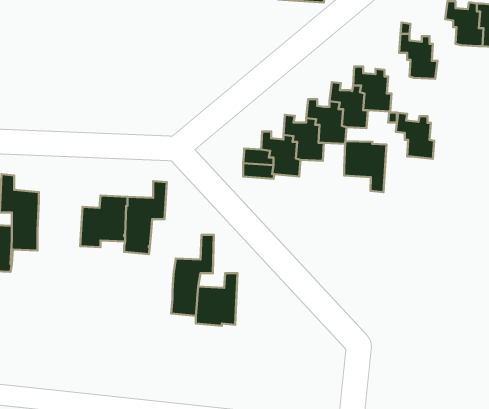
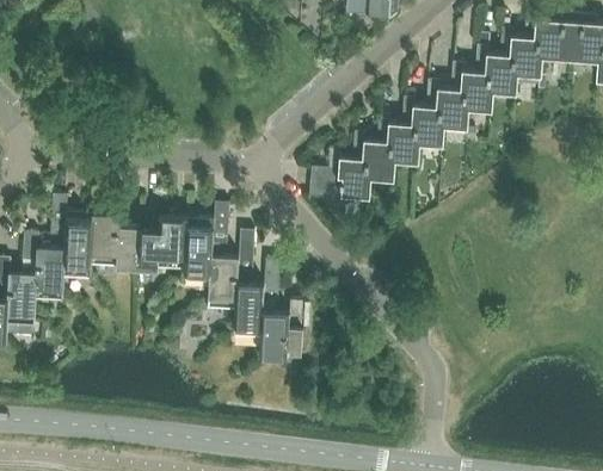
building: none -> [500,30,542,79]
building: [396,113,434,159] -> [451,64,492,113]
building: [344,141,386,192] -> none
building: none -> [92,216,140,273]
building: none -> [209,246,254,321]

